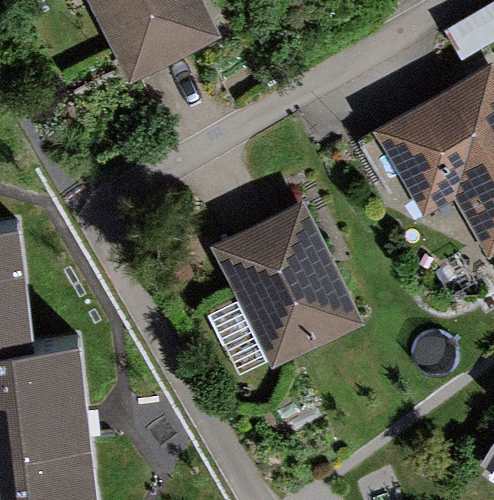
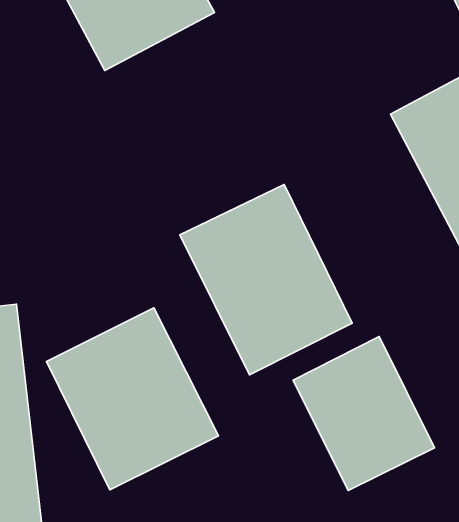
building: none -> [46,308,218,490]
building: none -> [293,337,435,490]

